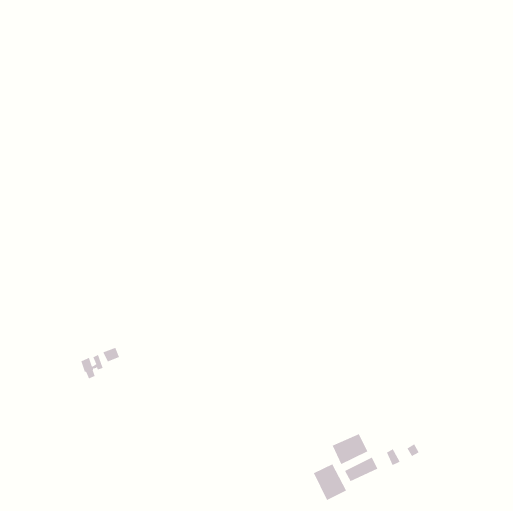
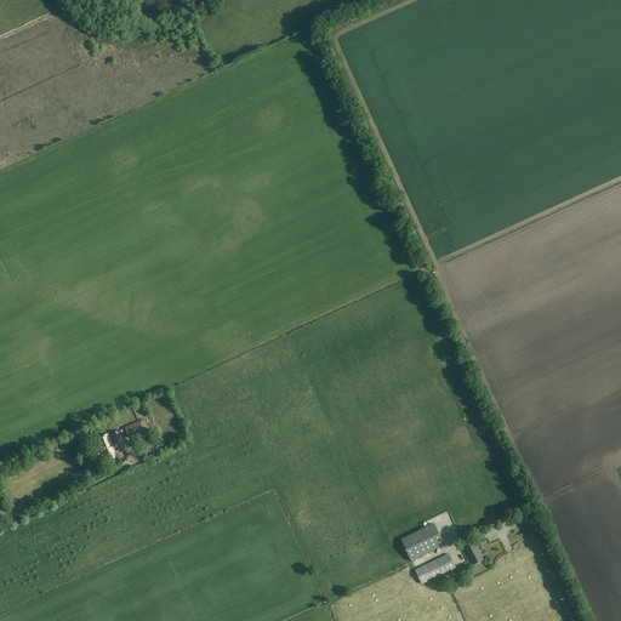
building: [313,464,347,501] -> none

